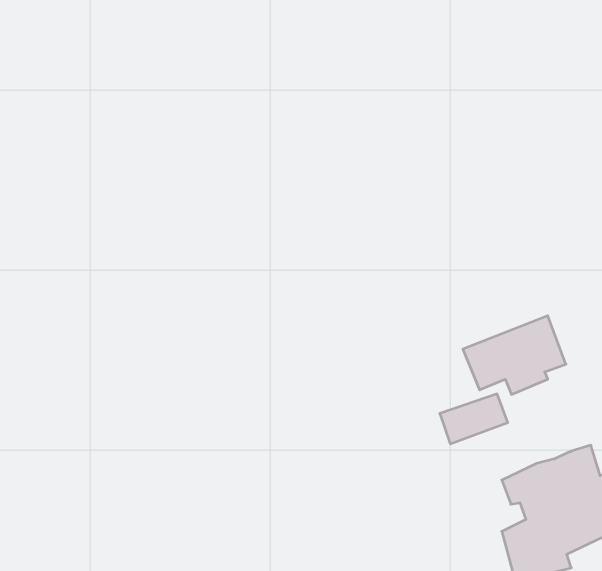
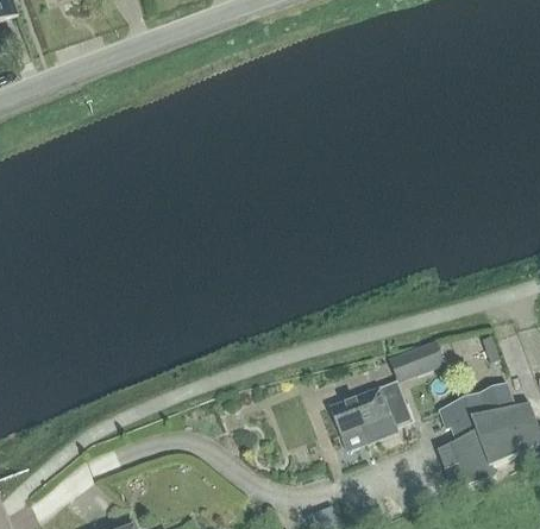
building: [463,316,566,394] -> [331,380,412,442]

